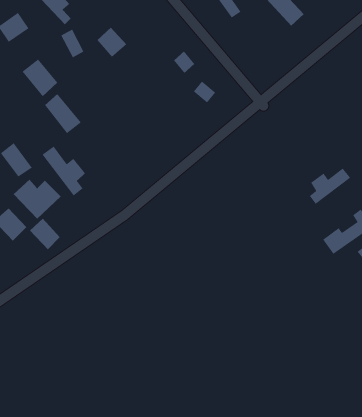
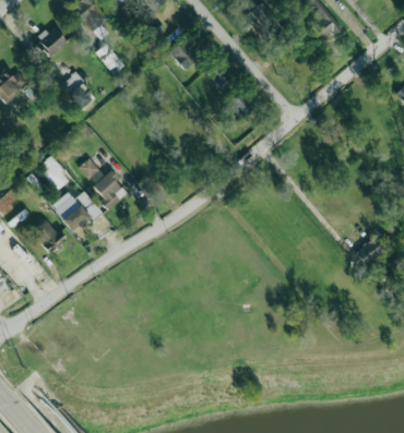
building: [96,27,127,58] -> [169,39,200,70]
building: [44,93,82,134] -> none
building: [309,168,351,205] -> none
building: [29,218,61,250] -> none

